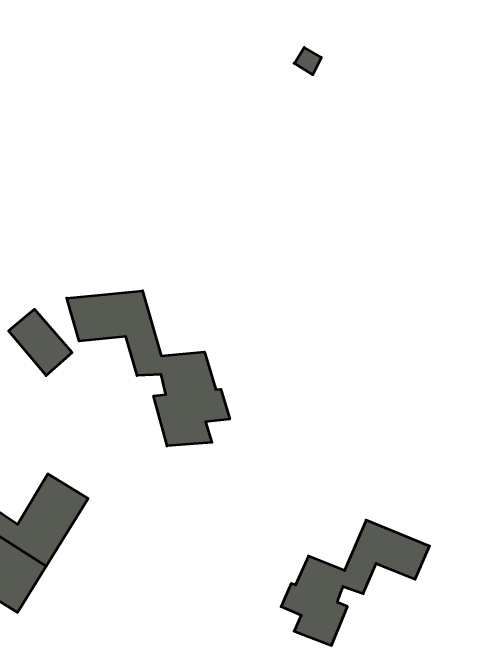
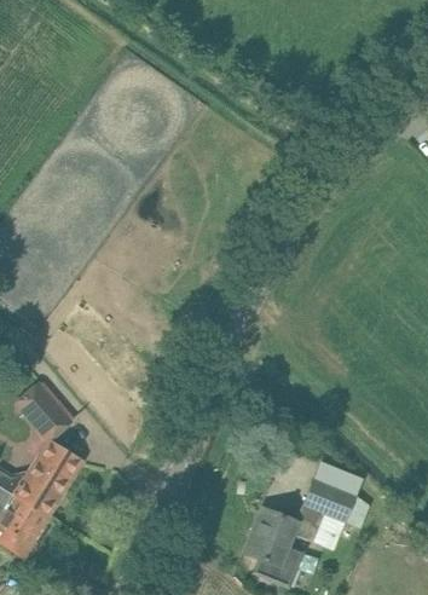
building: [67,291,230,446] -> none
building: [9,309,72,376] -> [18,382,71,438]

